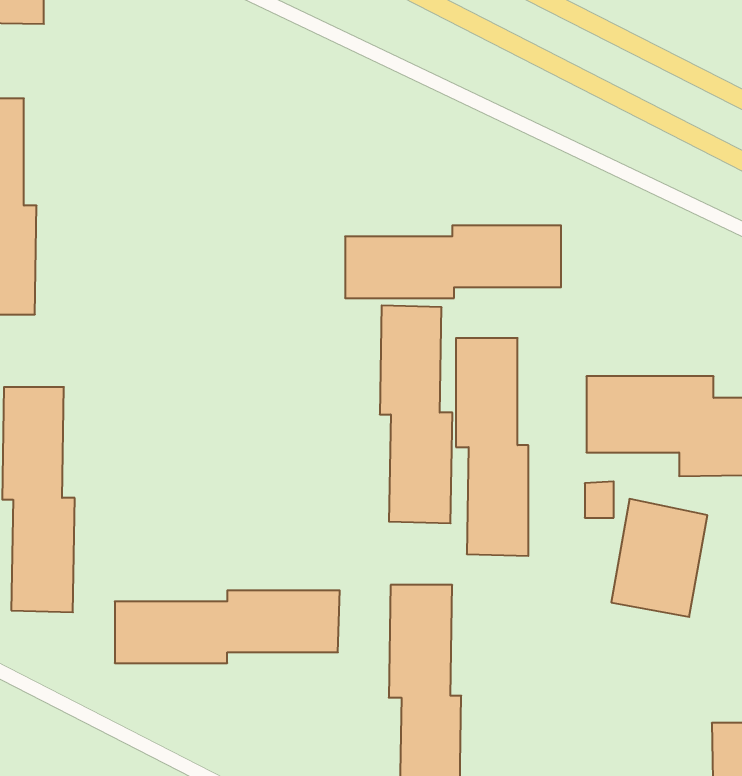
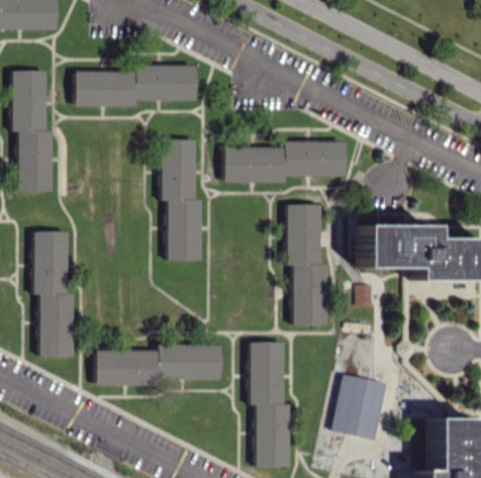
building: none -> [75,68,196,105]
building: [380,305,452,523] -> [162,139,202,261]
building: [611,499,707,617] -> [332,374,386,440]

